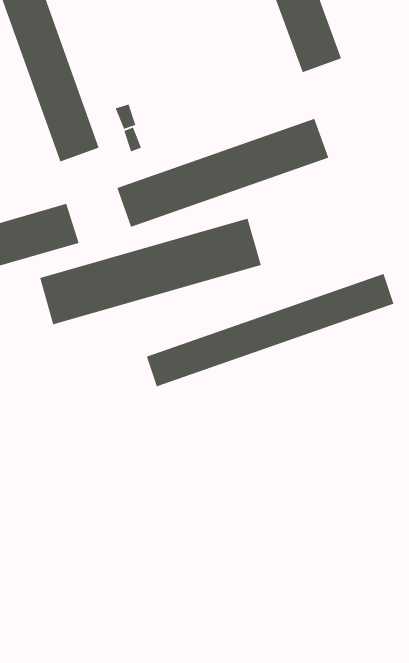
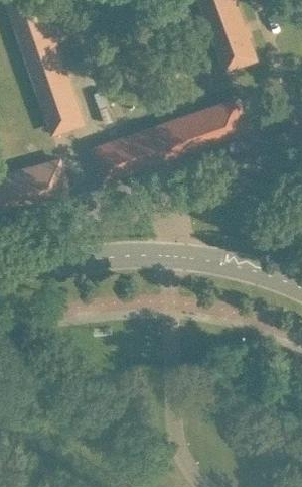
building: [40,218,261,325] -> none
building: [146,273,394,387] -> none

